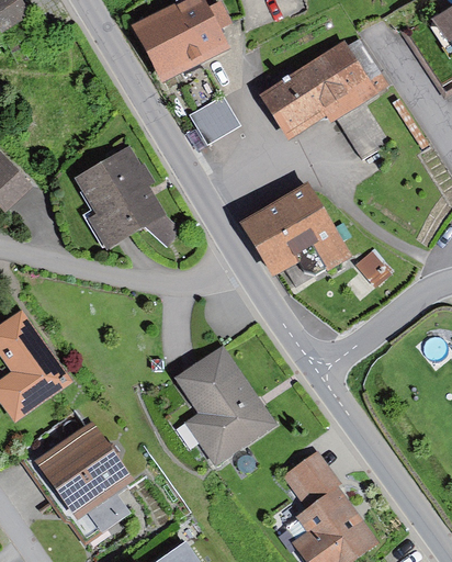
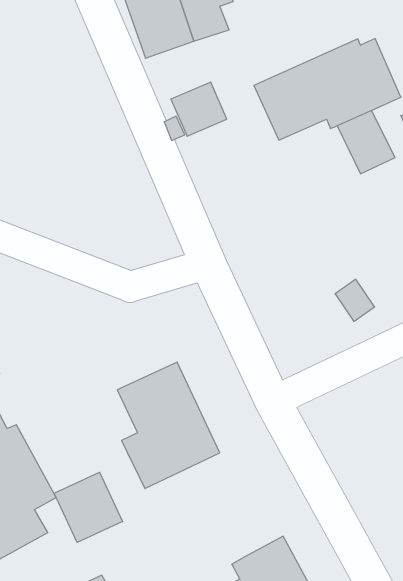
building: [76,146,182,250] -> none
building: [240,181,352,288] -> none
building: [282,450,342,509] -> none
building: none -> [54,472,123,542]

